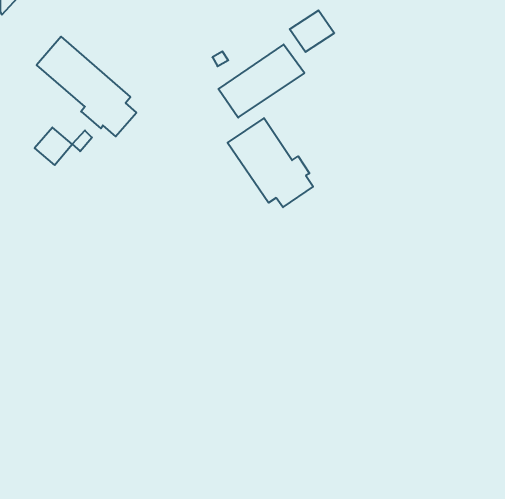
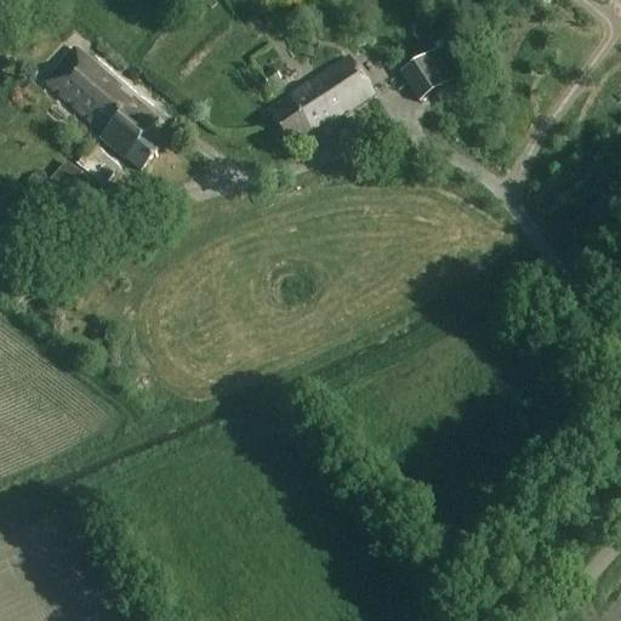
building: [290,10,334,52] -> [399,45,454,96]
building: [228,118,313,207] -> none

